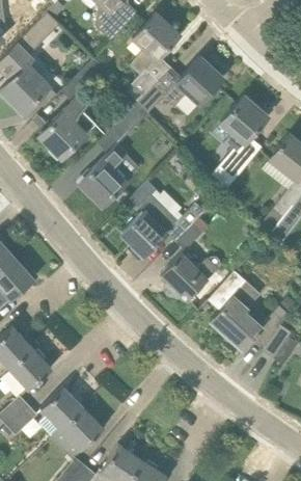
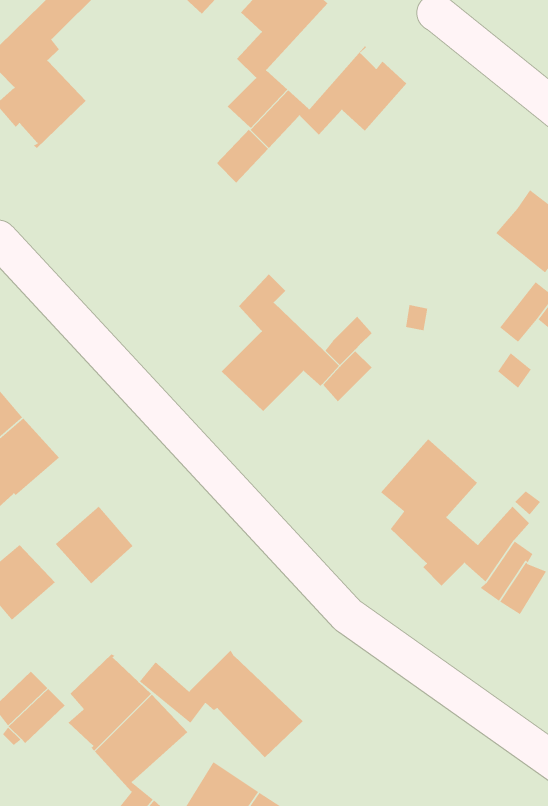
building: [38,58,105,159] -> none
building: [215,96,268,186] -> none
building: [79,144,139,207] -> none
building: [160,253,220,301] -> none
building: [8,348,51,391] -> [55,505,133,584]
building: none -> [139,650,304,758]

